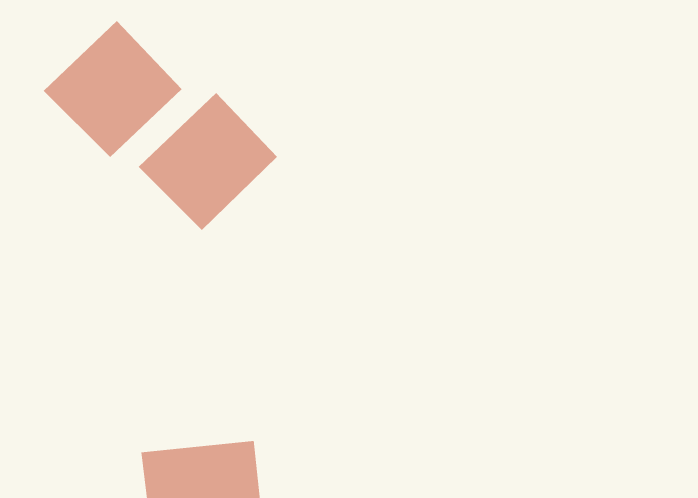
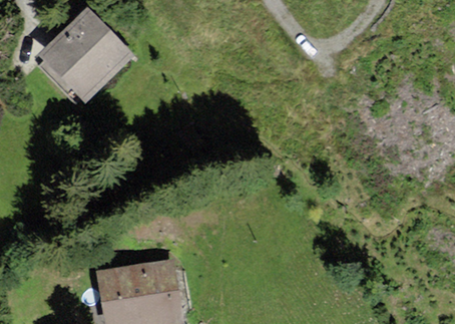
building: [138,92,278,231] -> none

